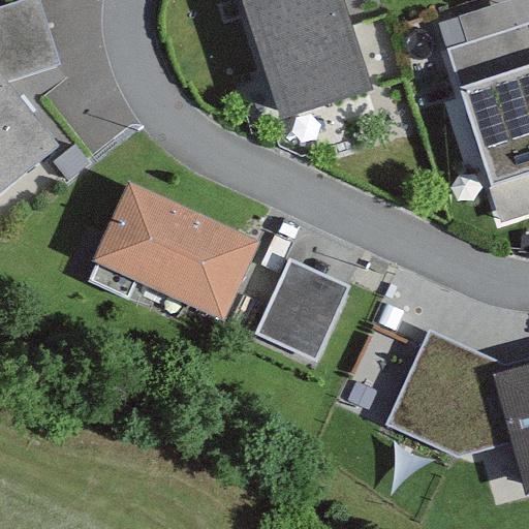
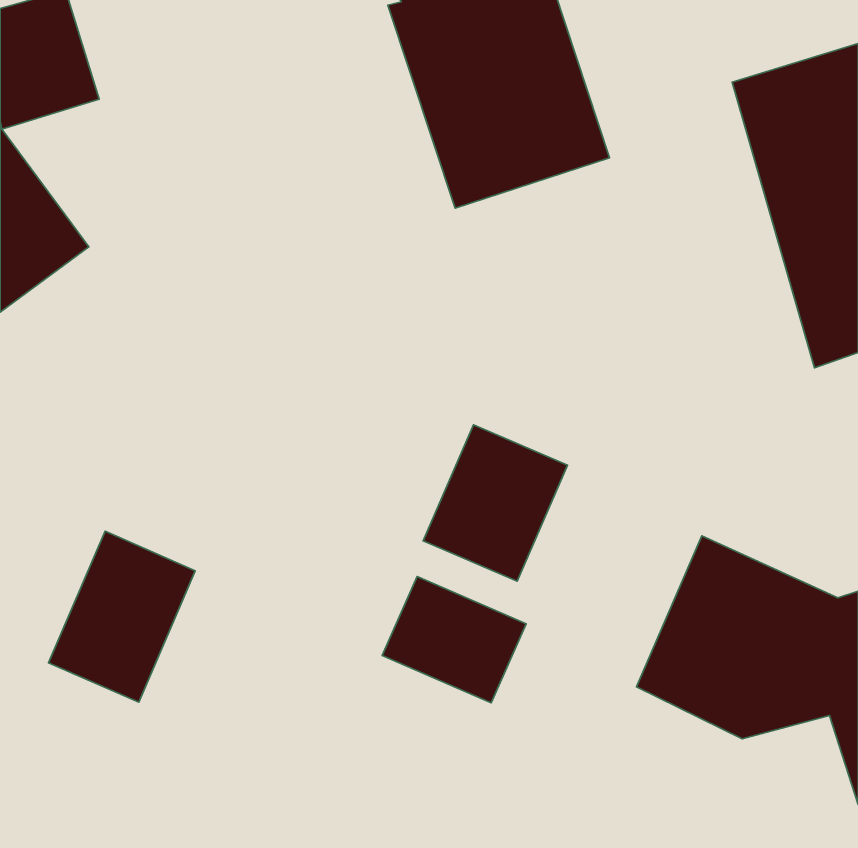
building: [80,165,269,320] -> none
building: none -> [48,531,195,702]
building: none -> [382,576,526,703]

